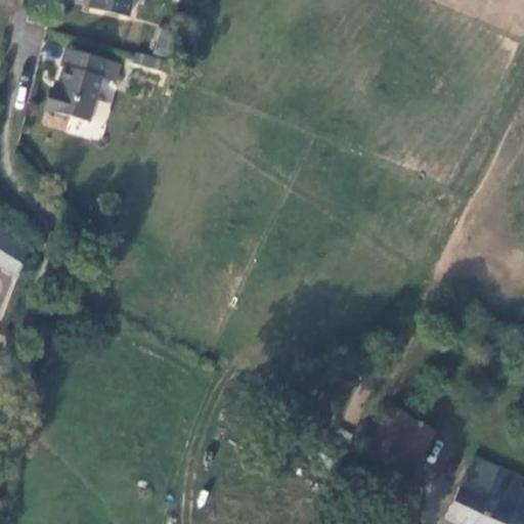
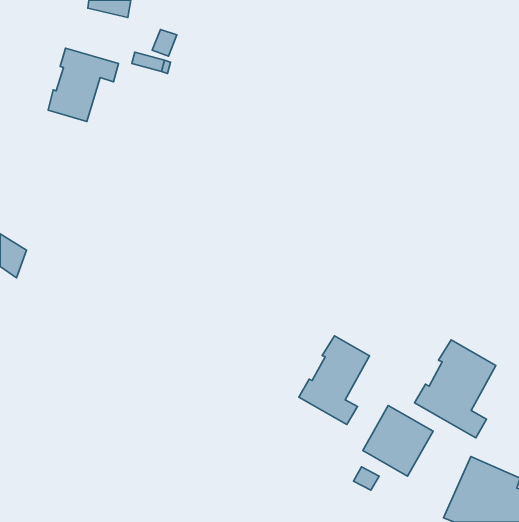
building: none -> [299,336,370,425]
building: none -> [415,340,496,438]

